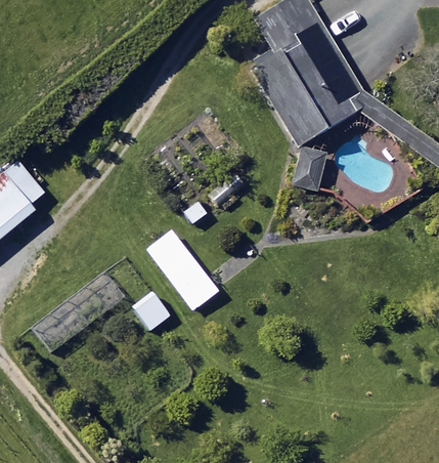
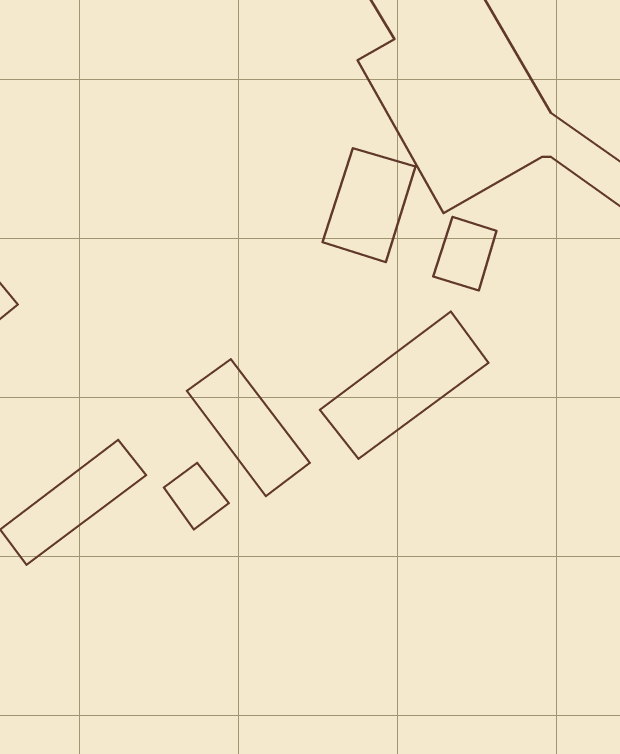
building: none -> [322,148,415,262]
building: none -> [320,312,489,459]

